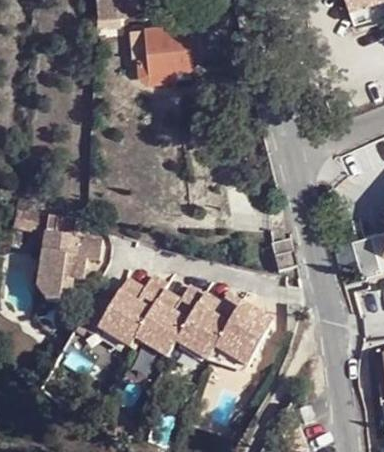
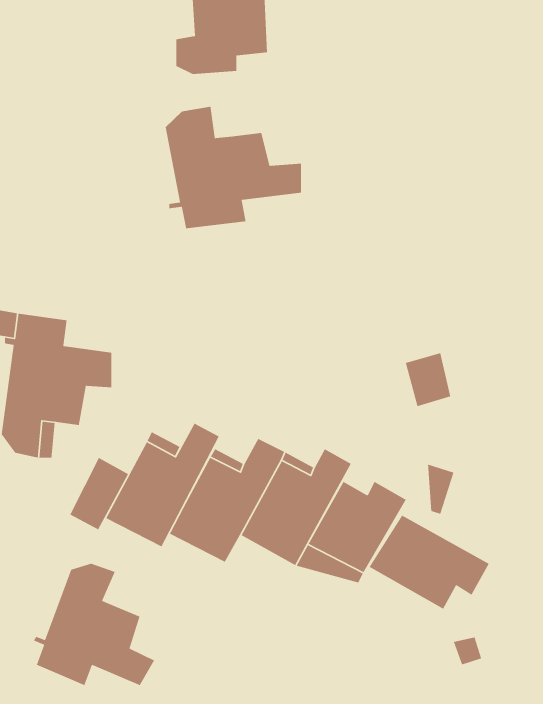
building: none -> [165,106,302,229]
building: none -> [368,515,490,610]
building: none -> [33,563,155,686]

